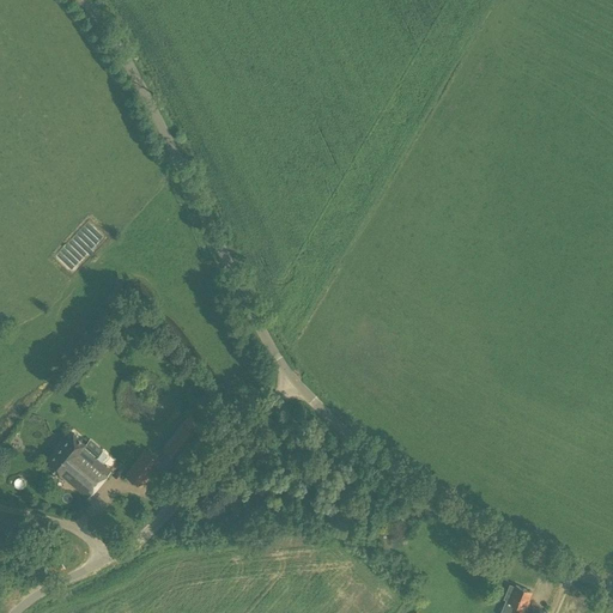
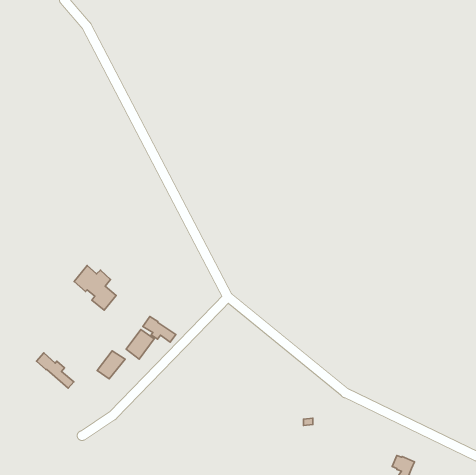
building: none -> [143,316,176,342]
building: [57,435,111,492] -> [74,265,116,310]

